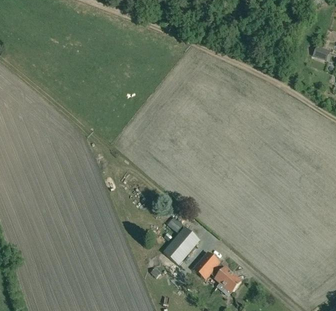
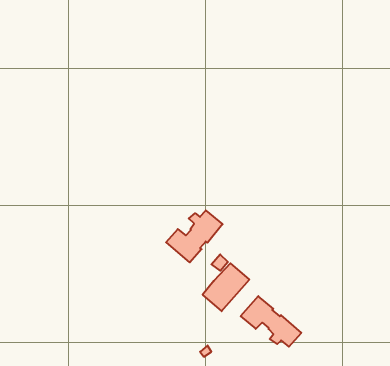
building: none -> [166,210,223,262]

